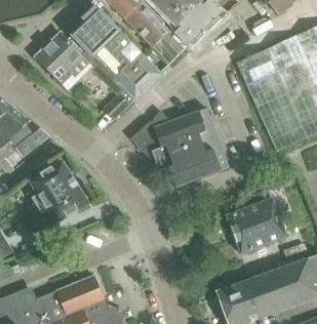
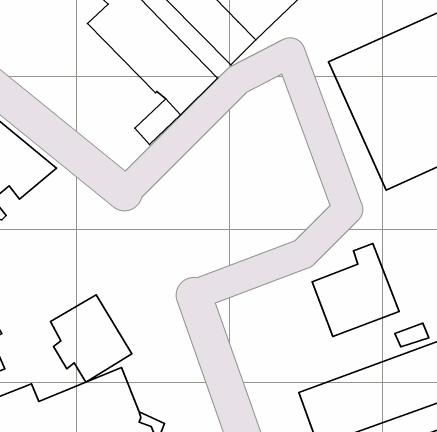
building: [35,34,92,91] -> none
building: [130,109,229,188] -> none
building: [30,162,86,222] -> [50,295,132,382]

